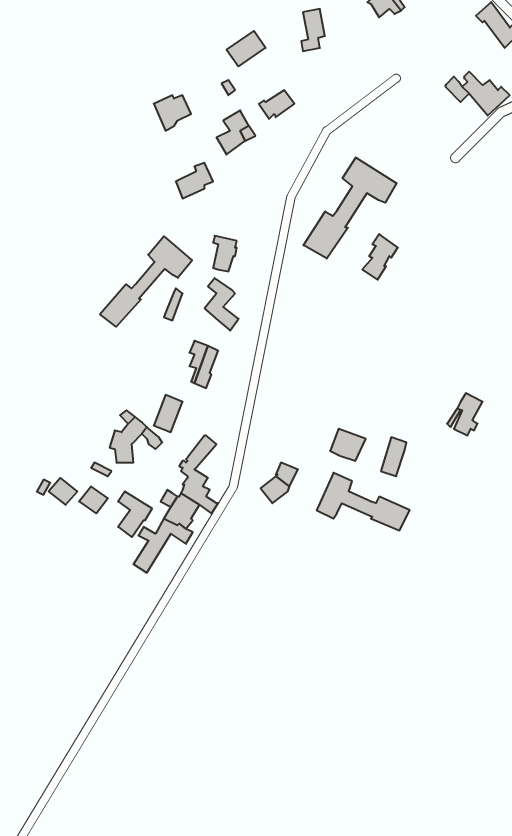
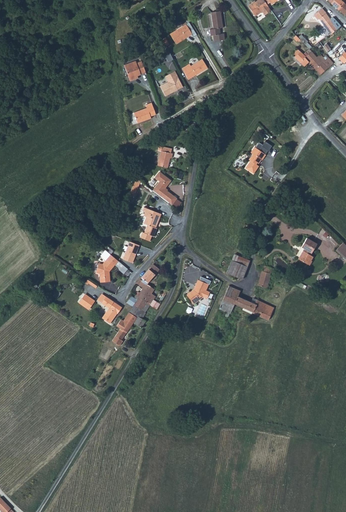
building: [303,157,397,259] -> none
building: [100,236,192,327] -> none

